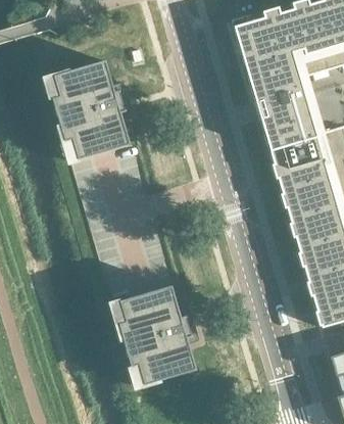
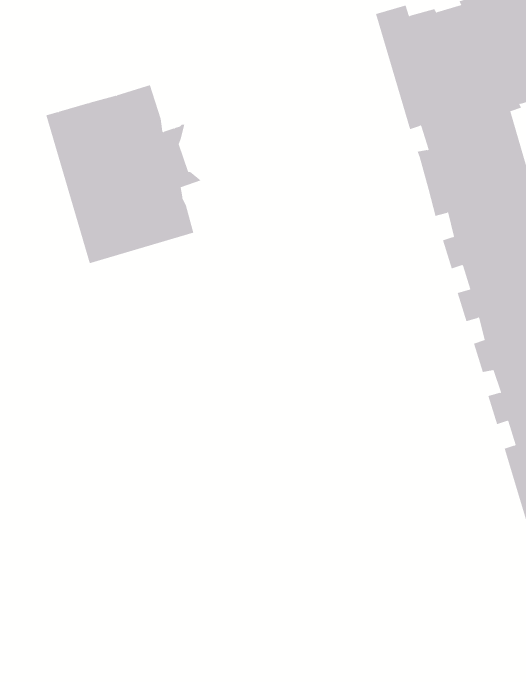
building: [112,285,200,386] -> none

